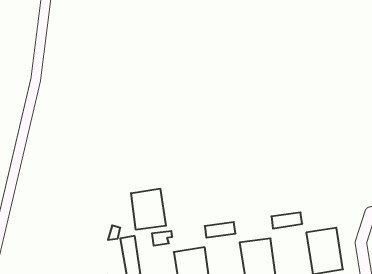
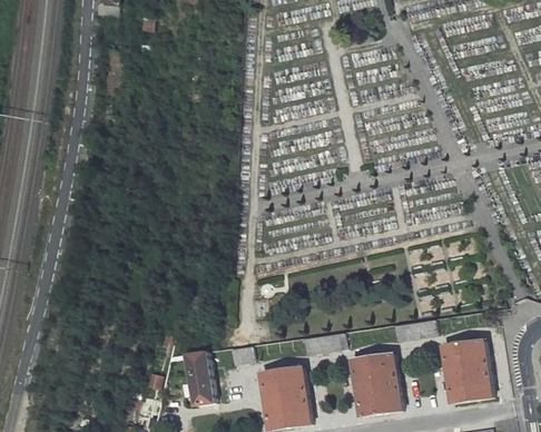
building: [131,189,166,230] -> none

